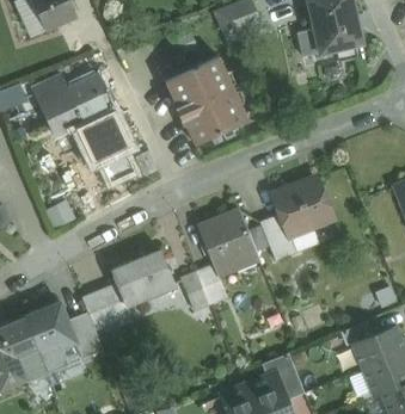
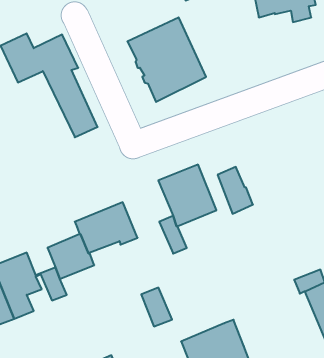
building: [274,179,333,235] -> none
building: [182,271,214,311] -> [141,288,172,326]
building: [263,353,306,401] -> none

